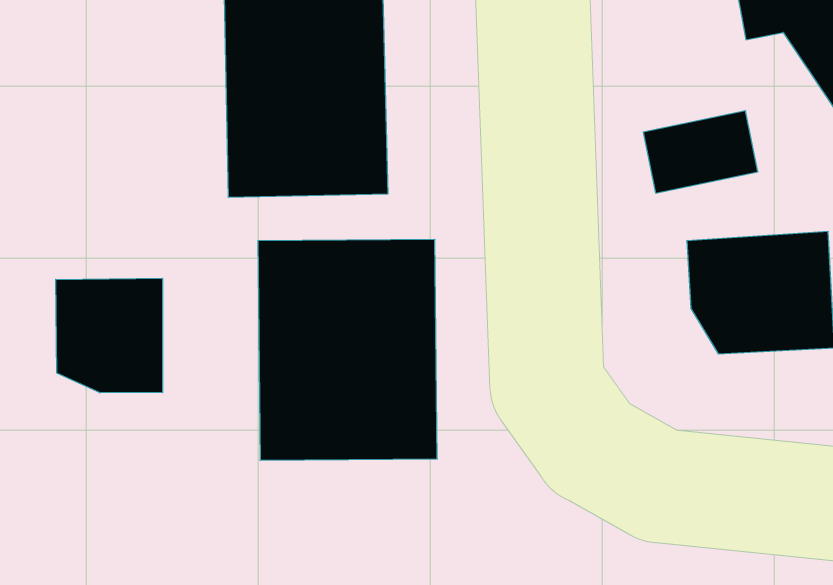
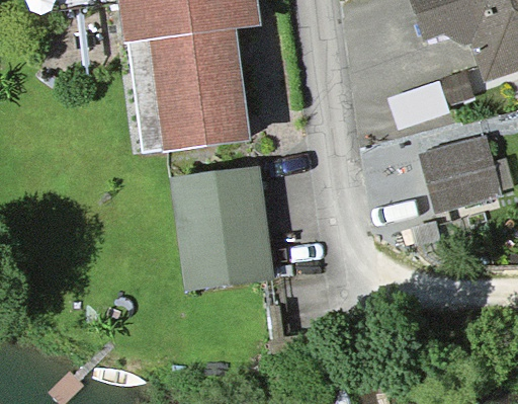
building: [56,278,163,393] -> none

